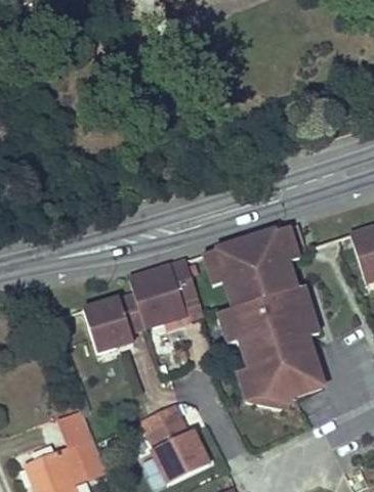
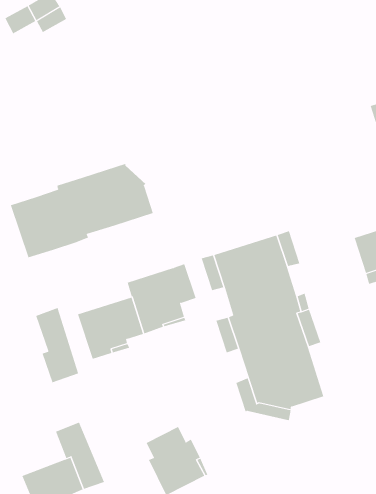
building: none -> [10,163,154,258]
building: none -> [35,307,79,383]

